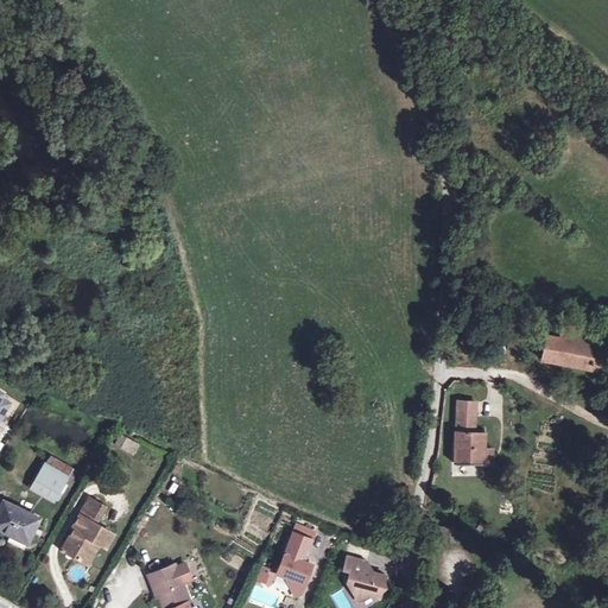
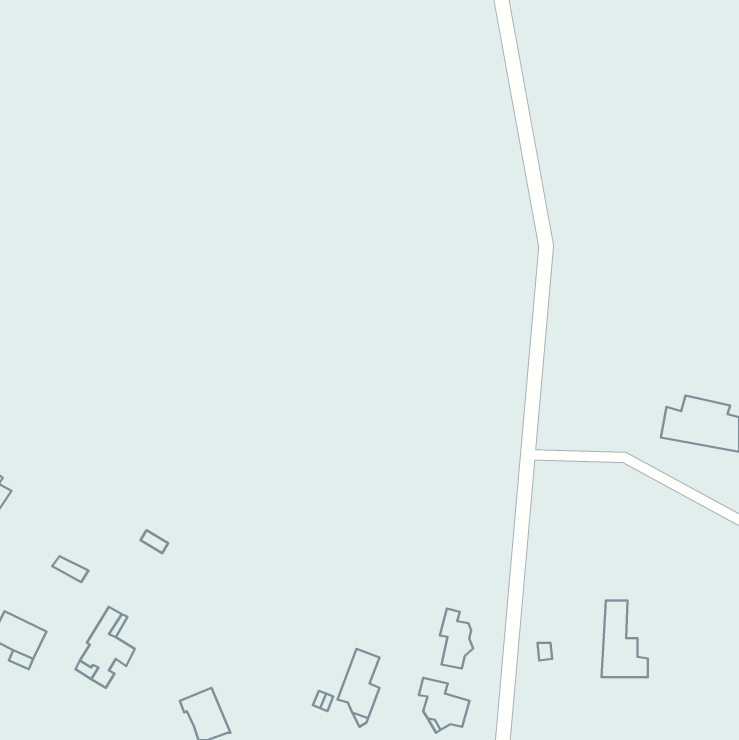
building: [454,401,492,464] -> [601,600,648,677]
building: [31,464,66,500] -> none
building: none -> [440,609,473,669]

